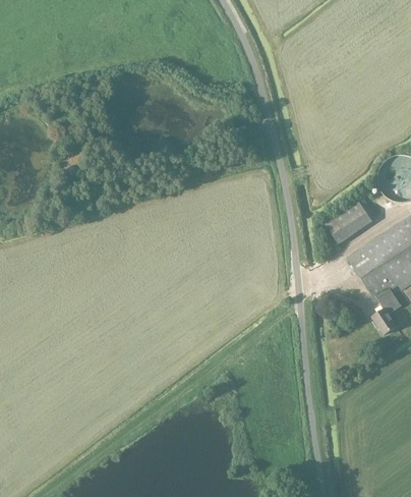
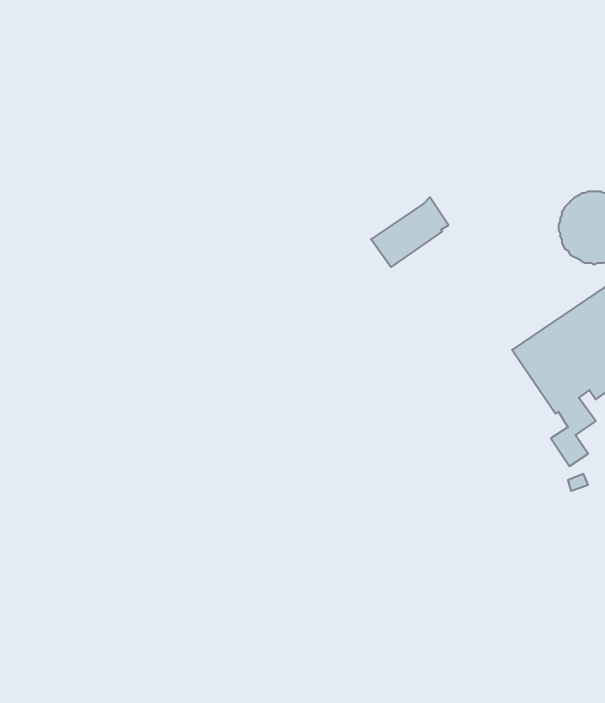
building: [325,198,375,243] -> [371,197,449,267]

